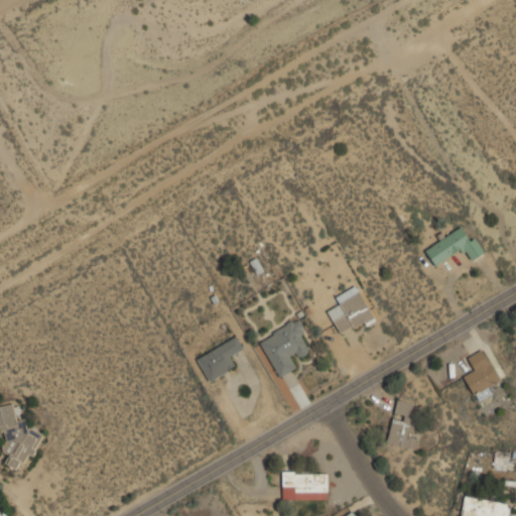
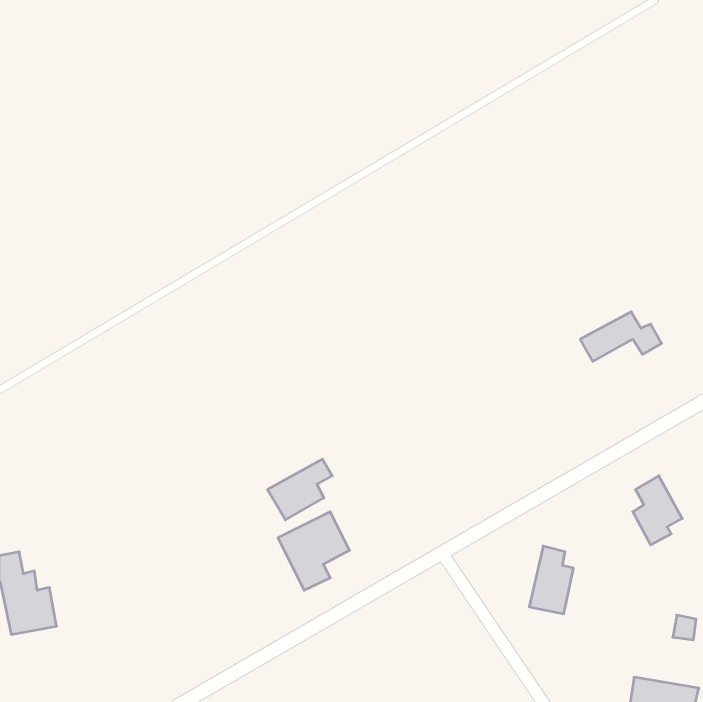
building: [327,286,373,336] -> none
building: [258,320,310,378] -> [278,512,350,590]
building: [281,473,327,500] -> none

